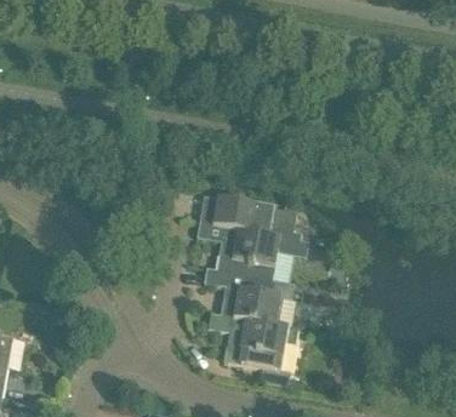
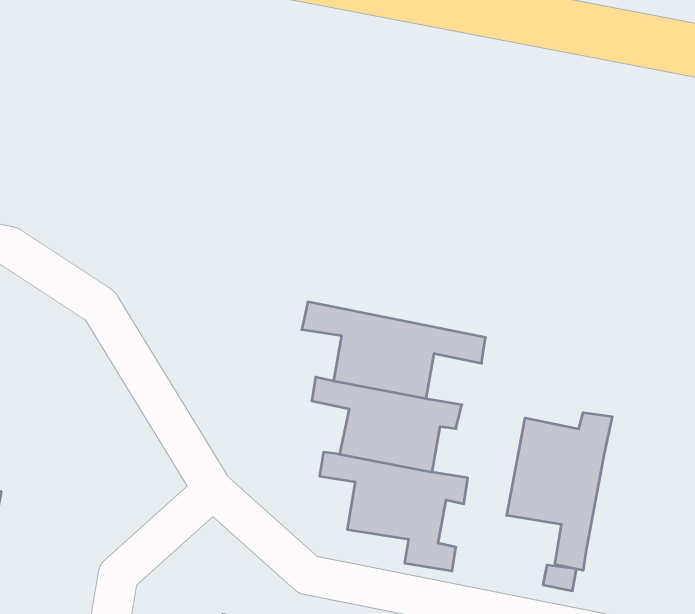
building: [200,199,302,241] -> none
building: none -> [507,413,612,570]

